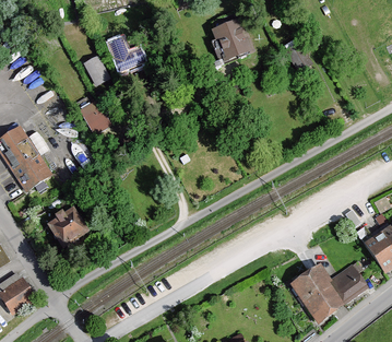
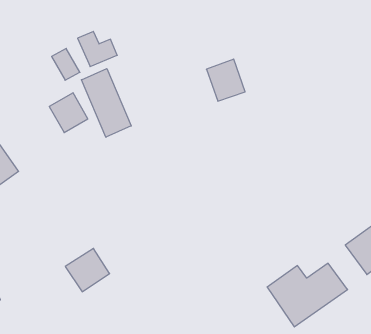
building: [214,23,251,63] -> [206,59,245,101]
building: none -> [81,69,131,137]
building: [46,207,88,248] -> [65,248,110,292]

